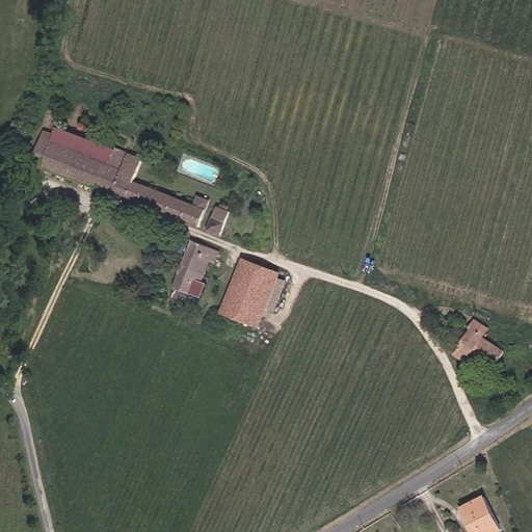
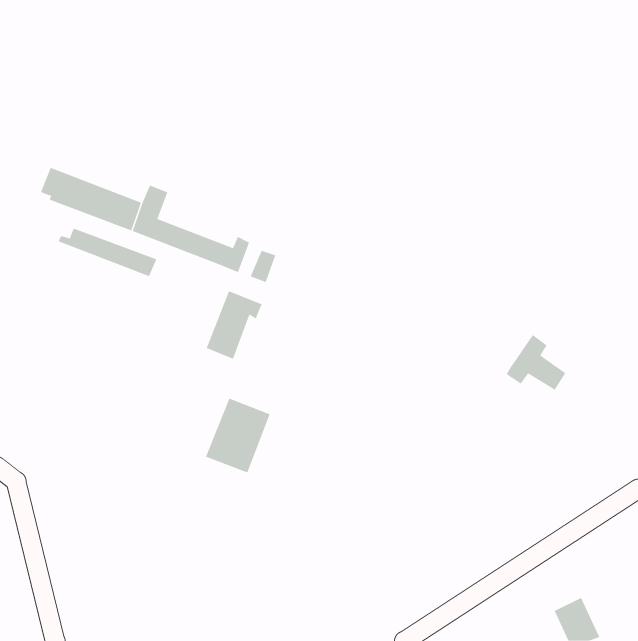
building: [42,127,124,167] -> [58,228,157,277]
building: [222,261,276,323] -> [205,398,270,473]
building: [453,316,503,363] -> [506,334,566,391]

